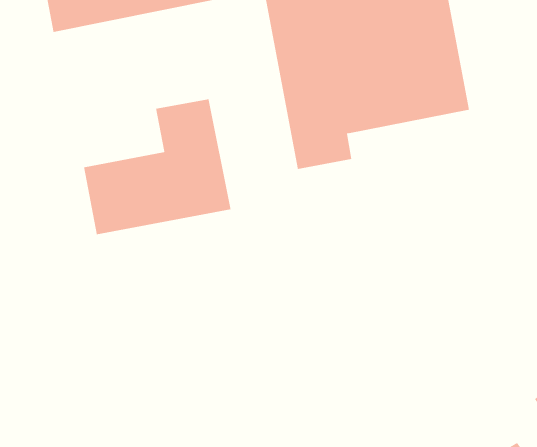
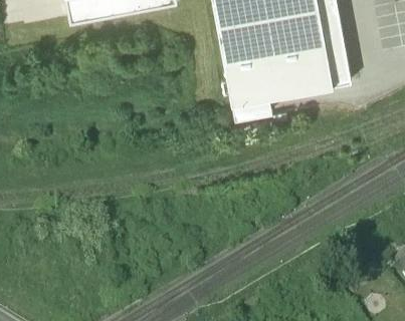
building: [84,99,231,235] -> none

